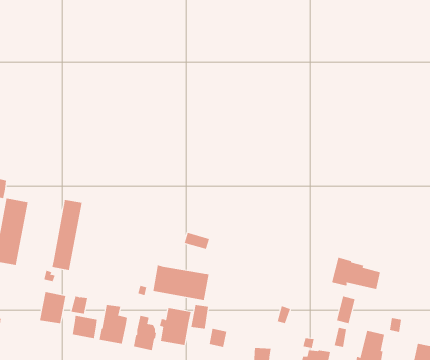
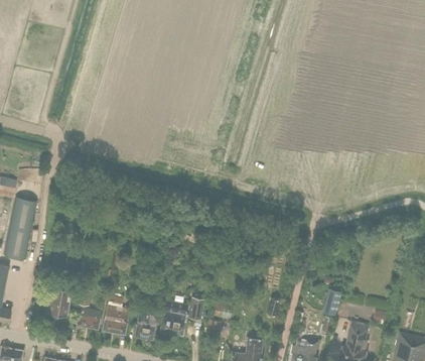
building: [52,199,82,271] -> none
building: [331,257,381,290] -> none
building: [153,265,209,301] -> none

